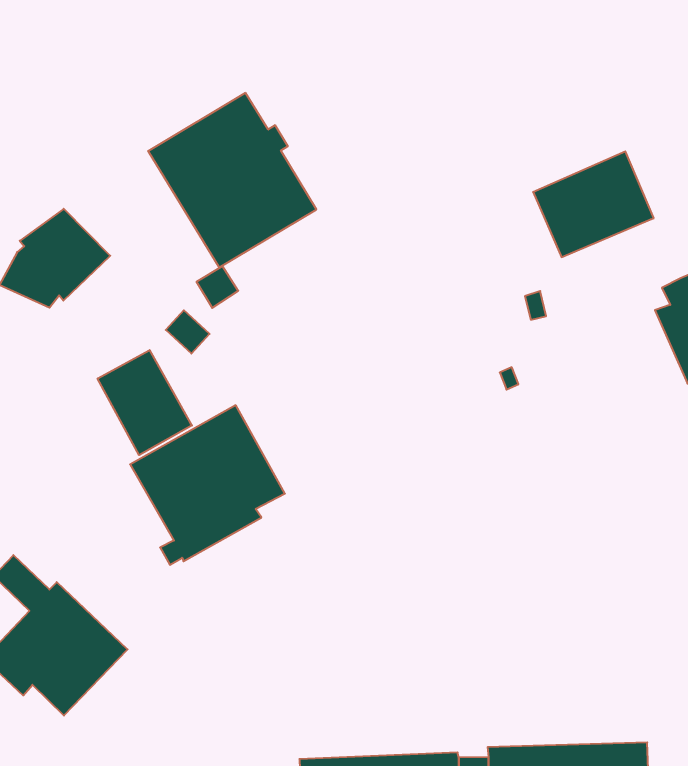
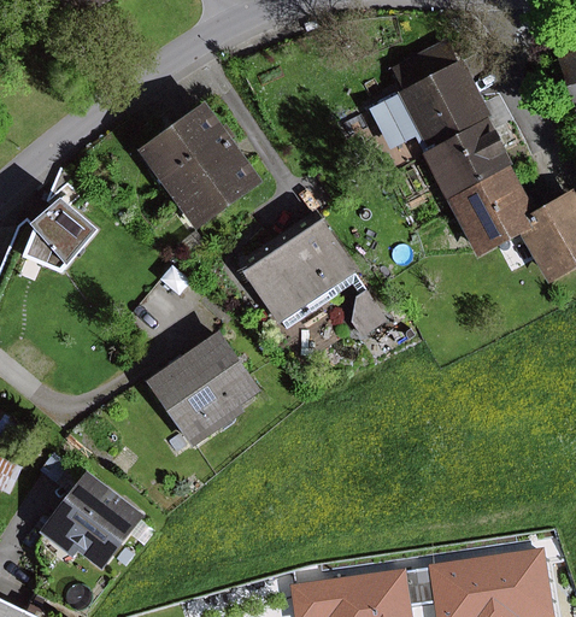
building: none -> [378,41,489,154]
building: none -> [446,166,535,255]
building: none -> [239,213,387,337]
building: [98,350,192,455] -> none

